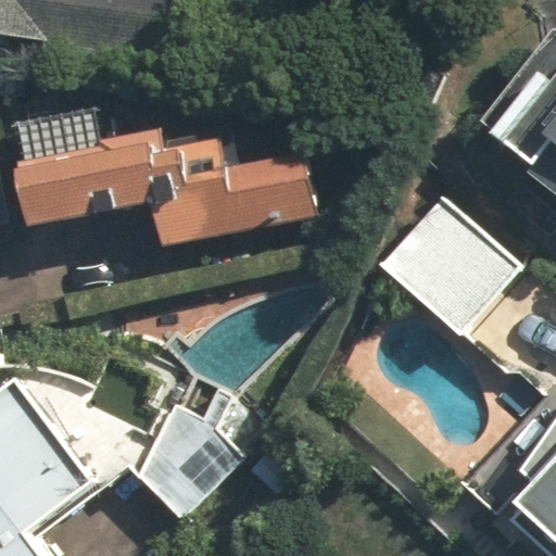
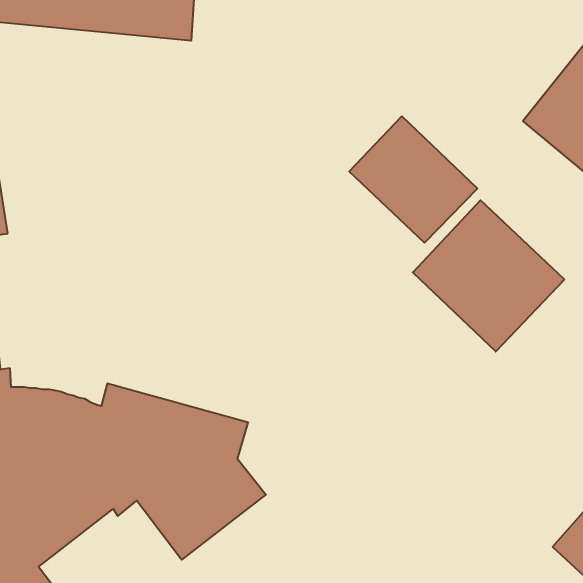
building: none -> [349,116,477,243]
building: [24,128,324,241] -> none

